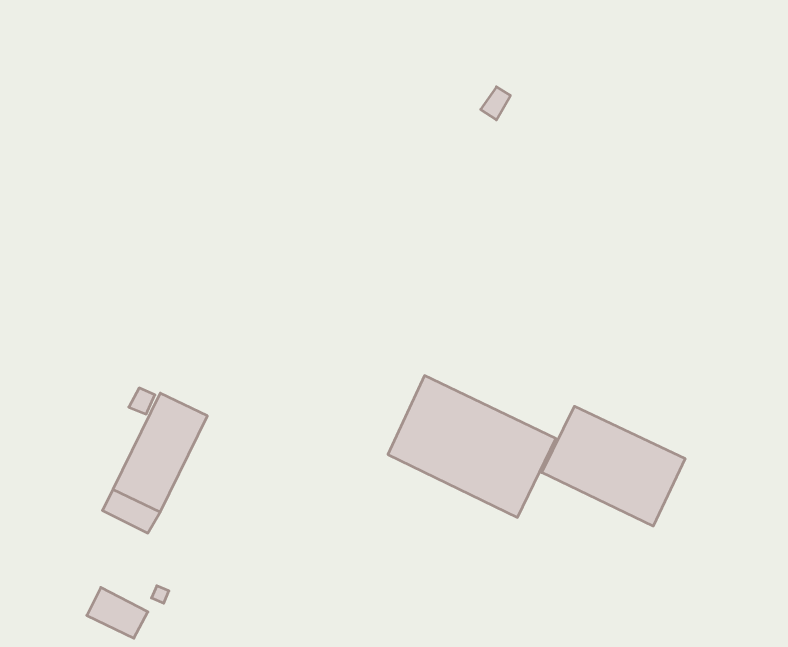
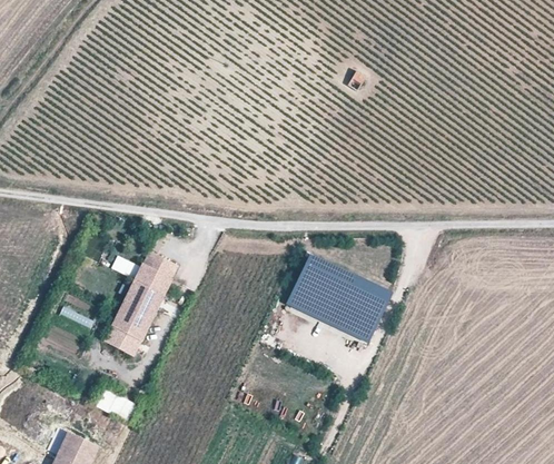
building: none -> [141,250,178,279]
building: [542,406,685,526] -> none

